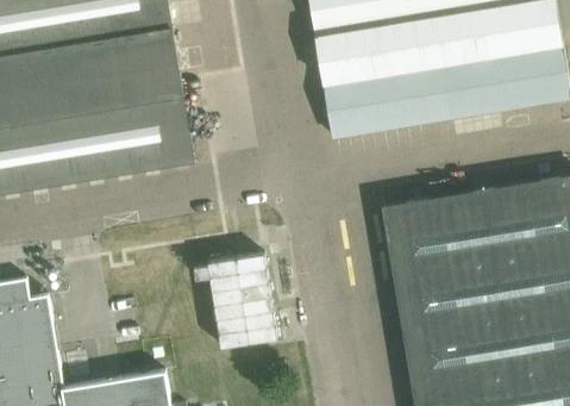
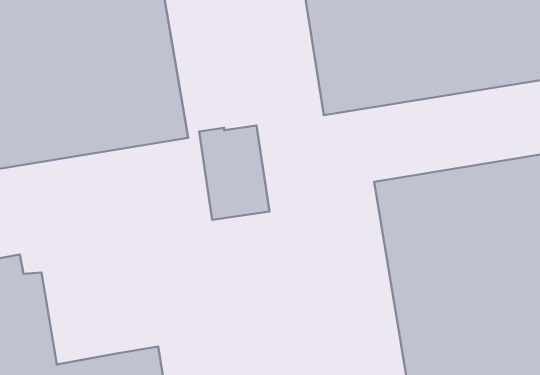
building: [209,251,280,345] -> [199,126,270,220]

